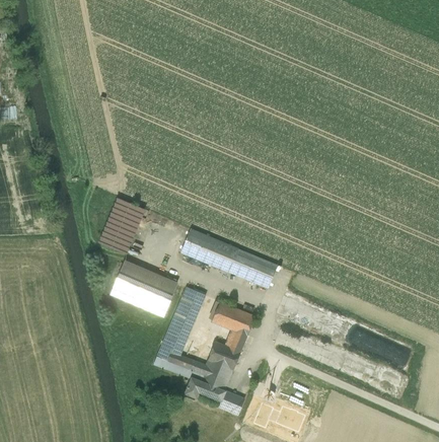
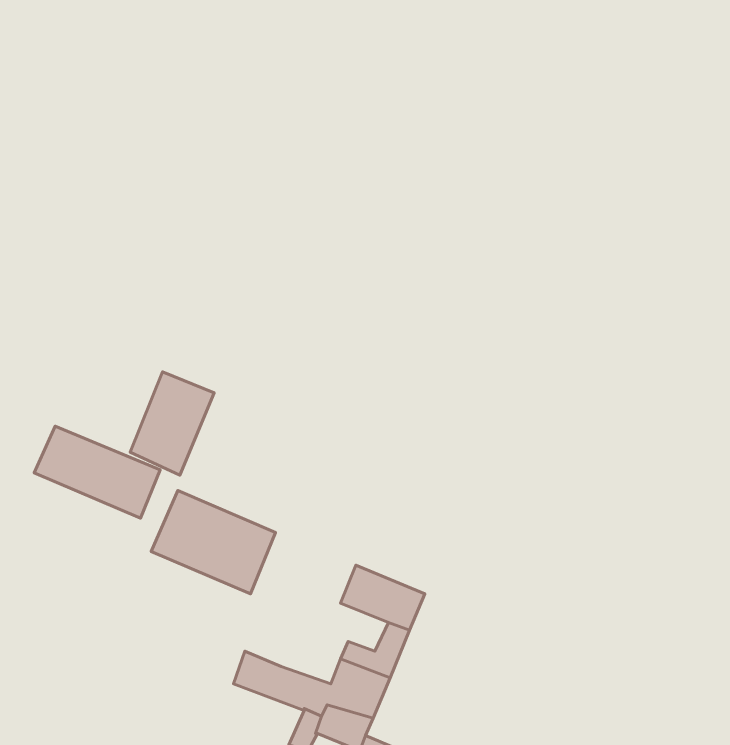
building: none -> [34,426,160,518]
building: [182,230,276,287] -> none
building: [160,287,205,355] -> none

